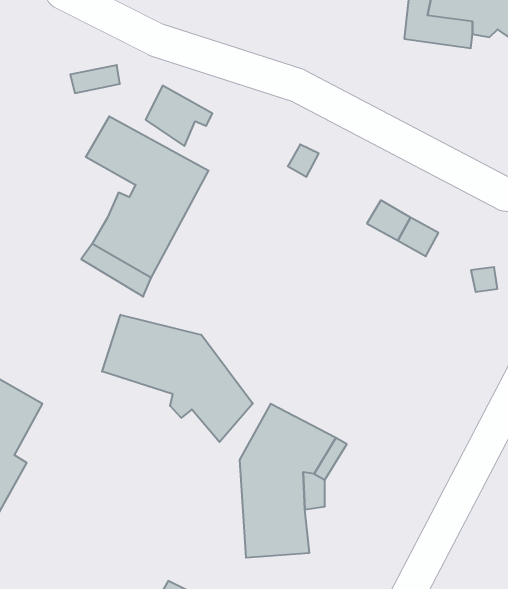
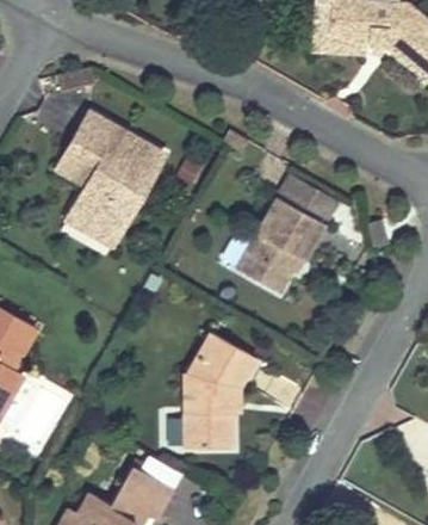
building: [146,86,212,146] -> [55,140,106,186]
building: none -> [234,192,327,294]
building: [102,315,253,442] -> none

